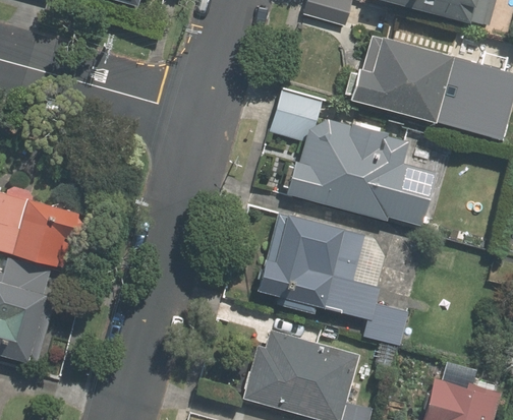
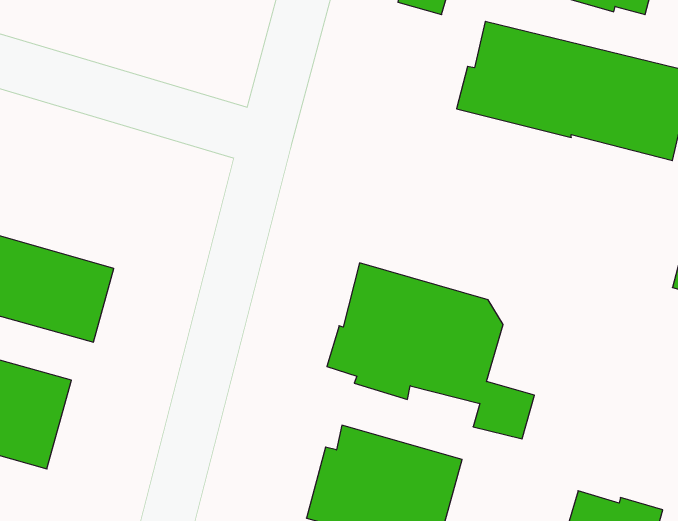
building: [273,92,433,225] -> none

